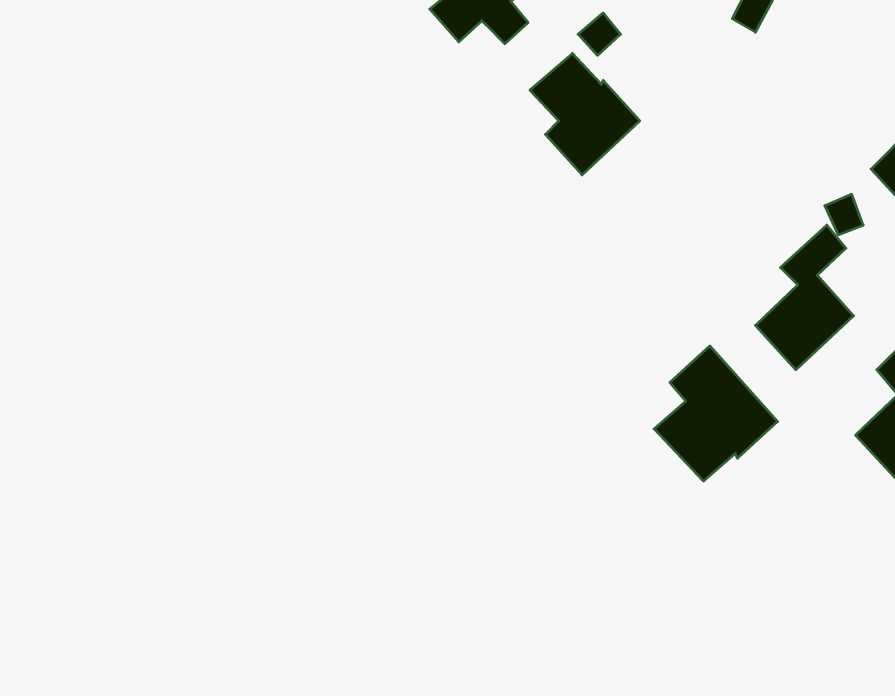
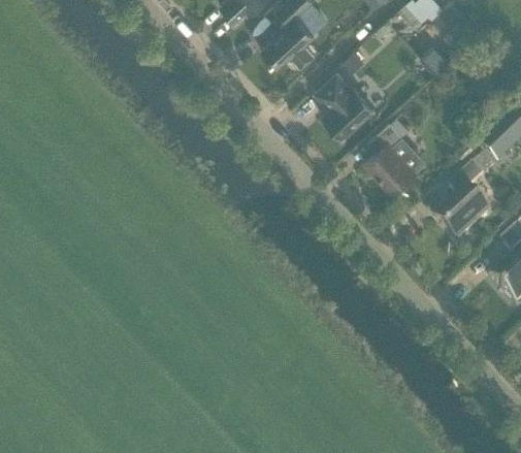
building: none -> [368,122,418,192]
building: [654,346,778,481] -> none

